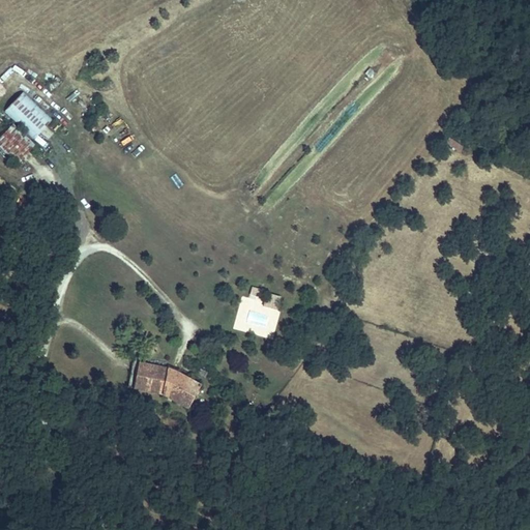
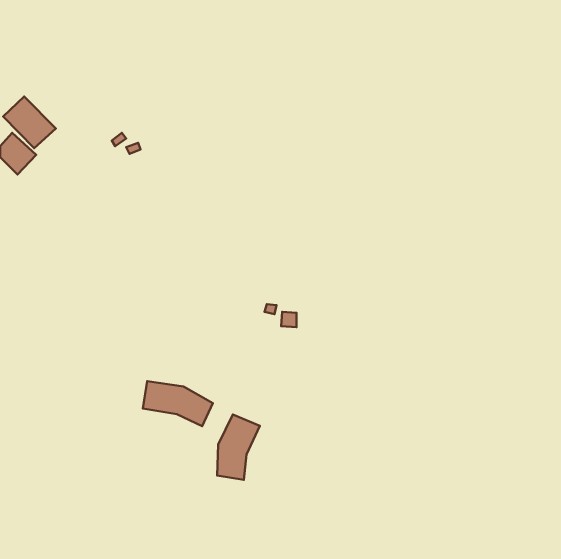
building: none -> [217,414,260,480]

